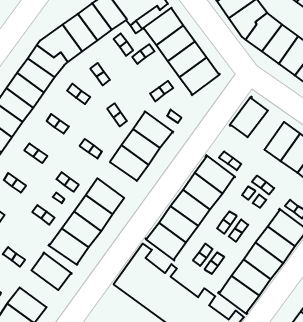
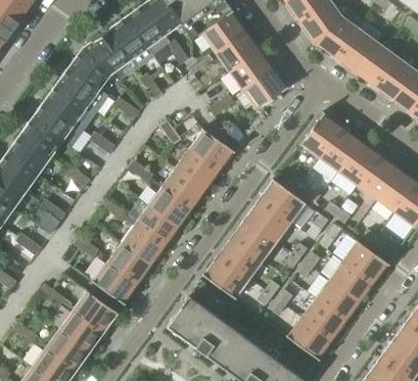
building: none -> [320,128,362,173]
building: none -> [148,187,193,228]
building: none -> [59,311,103,352]

